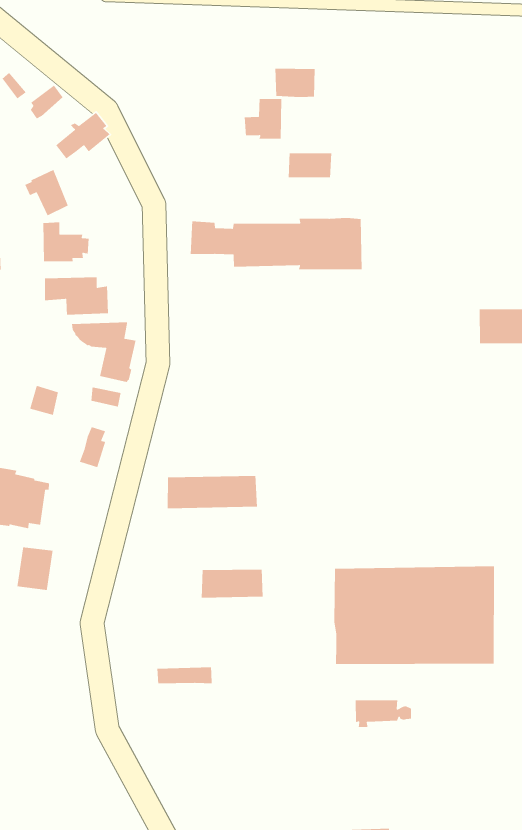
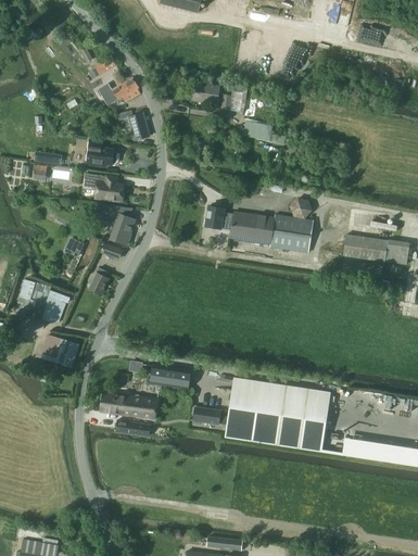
building: [274,68,316,98] -> [192,81,219,103]
building: [24,169,69,217] -> [124,112,149,140]
building: [190,217,362,270] -> [205,205,313,252]
building: [167,475,258,509] -> [100,391,157,418]
building: [355,699,412,728] -> [192,406,228,425]

